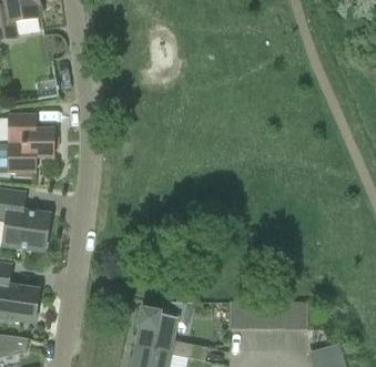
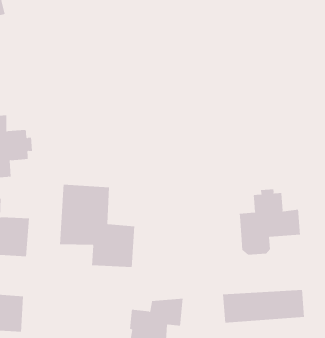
building: none -> [59,184,135,268]
building: none -> [239,189,300,256]

